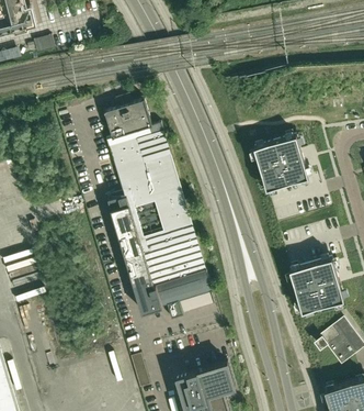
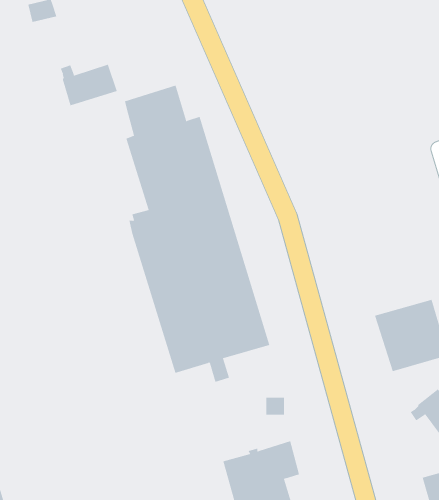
building: none -> [60,64,117,106]
building: [253,133,308,188] -> none

